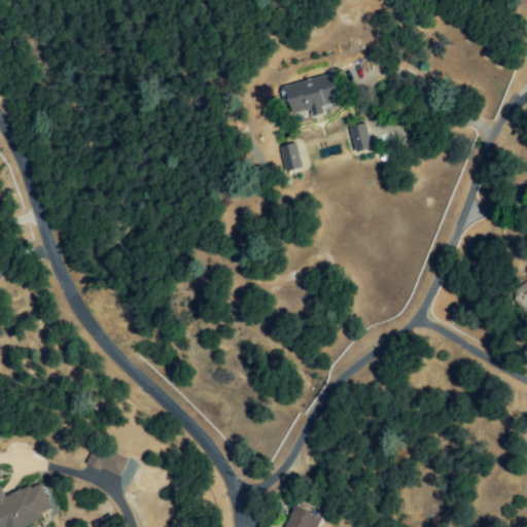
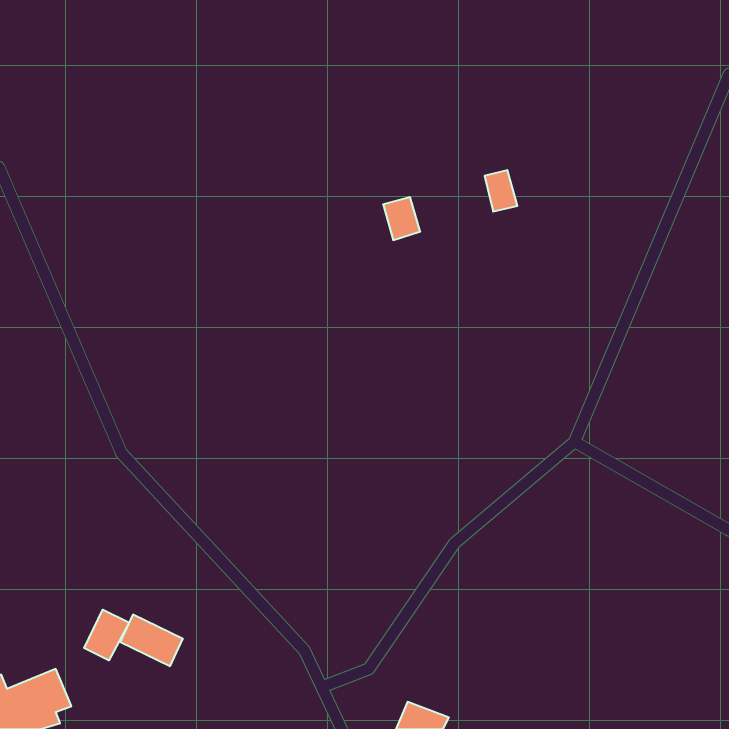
building: [283,74,340,116] -> none
building: none -> [84,610,129,660]

